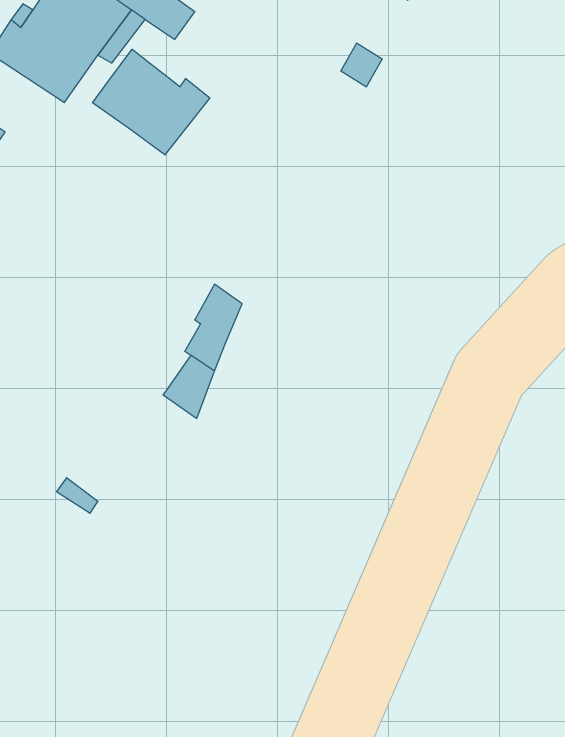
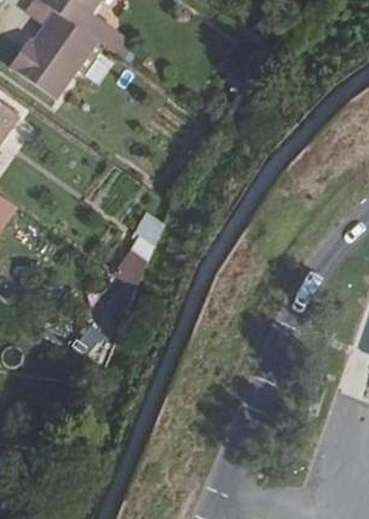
building: [93,49,210,155] -> none

